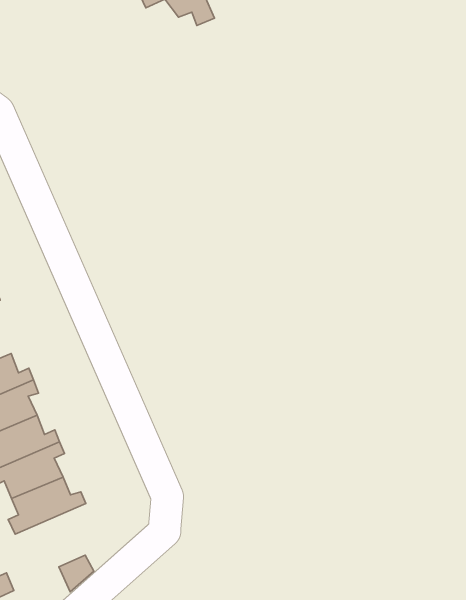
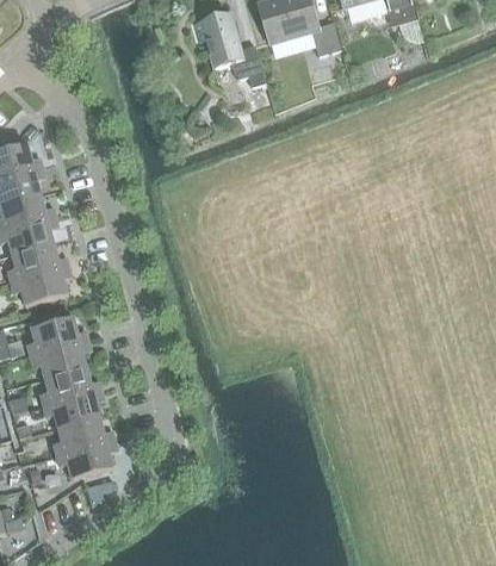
building: none -> [56,440,116,478]

